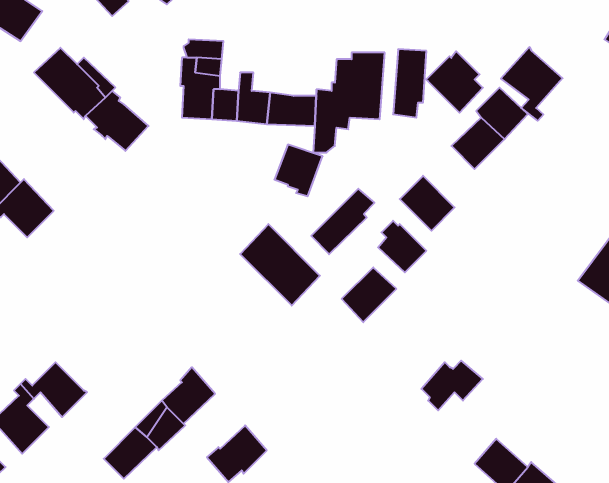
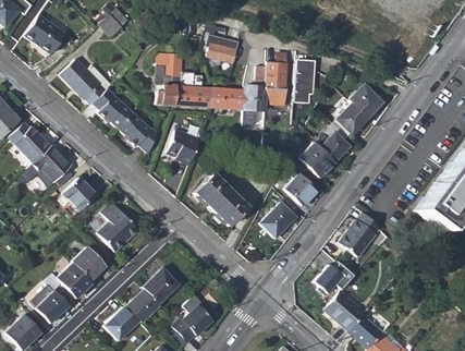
building: none -> [206,34,240,62]
building: [501,47,563,121] -> none
building: [426,51,483,113] -> [314,122,351,162]
building: none -> [120,109,158,150]
building: [274,145,323,196] -> [168,131,199,165]
building: [311,189,374,254] -> none
building: none -> [62,178,97,211]
building: none -> [99,202,139,251]
building: none -> [339,213,380,257]
building: none -> [74,247,108,282]
building: none -> [323,290,365,330]

